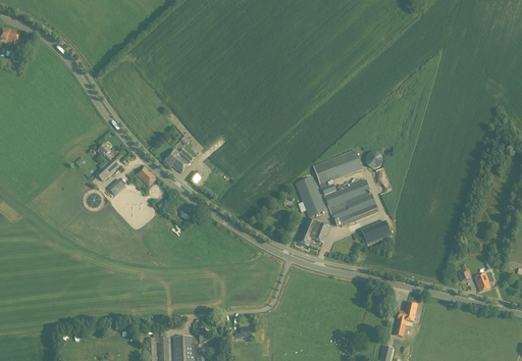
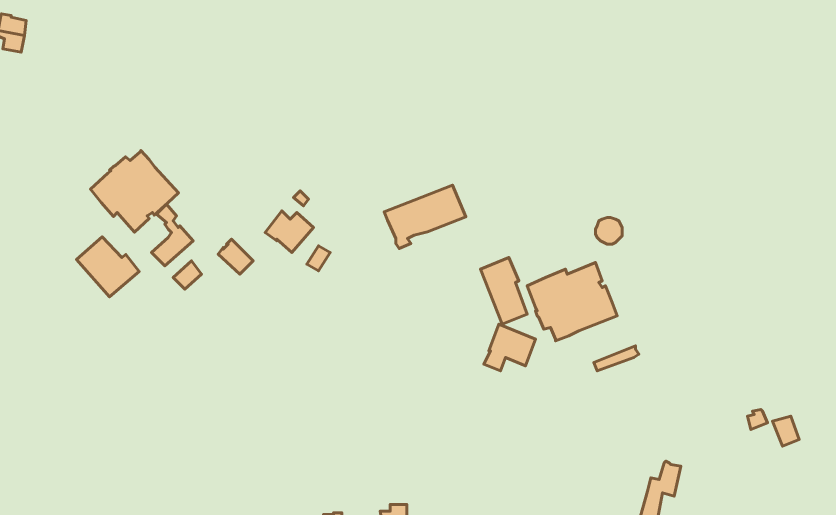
building: none -> [90,151,179,232]
building: [312,149,362,188] -> [384,185,466,249]
building: none -> [76,237,139,297]

